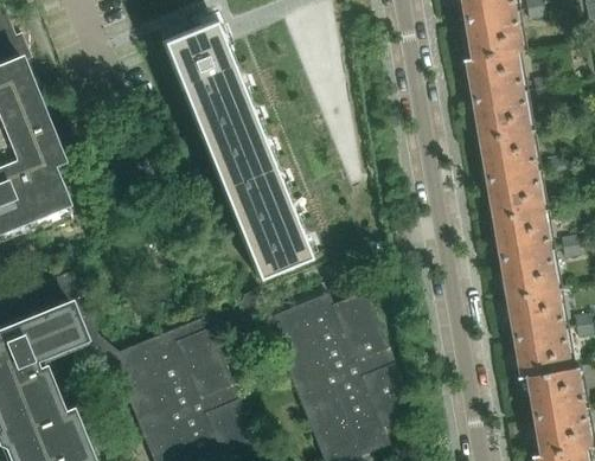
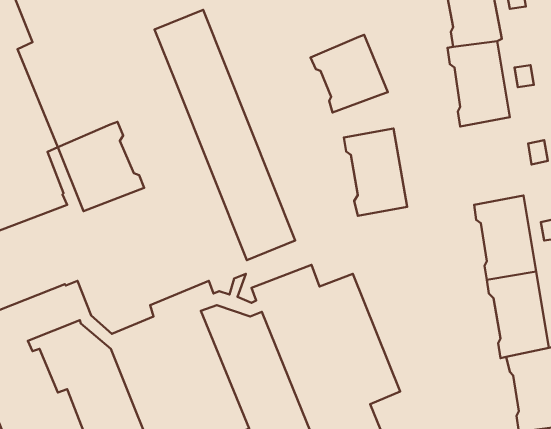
building: none -> [311,35,388,112]
building: [479,132,544,222] -> [344,128,407,216]
building: none -> [58,122,144,211]

